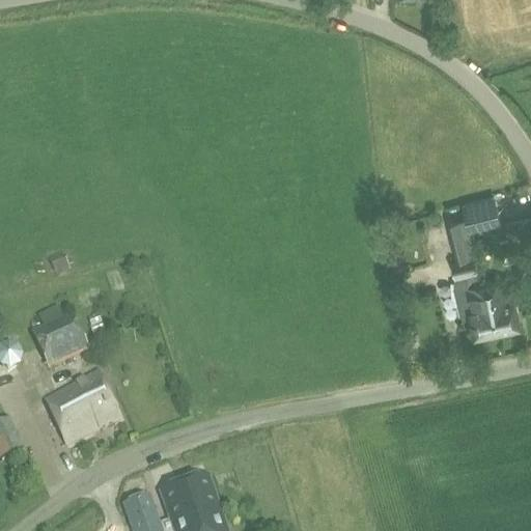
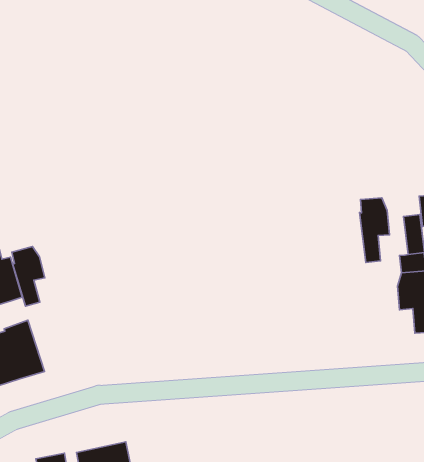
building: none -> [359,198,389,262]
building: none -> [12,247,45,306]

